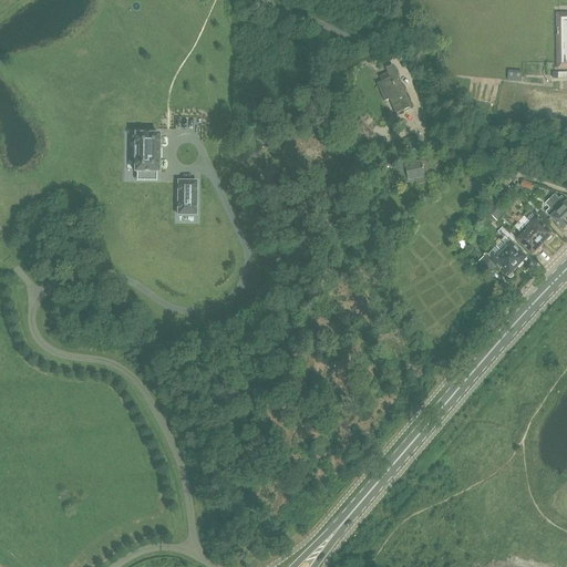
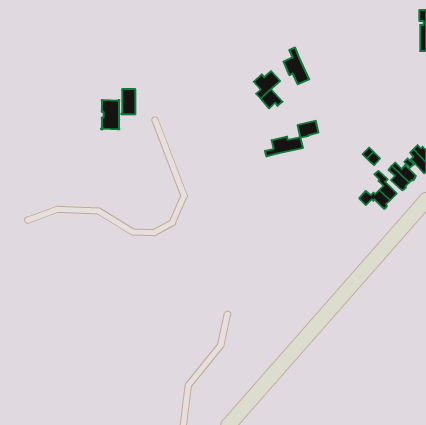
building: none -> [254,71,280,99]
building: [177,181,196,214] -> [121,89,135,114]
building: none -> [265,136,303,156]

